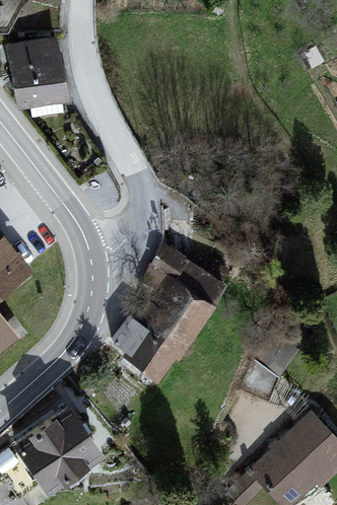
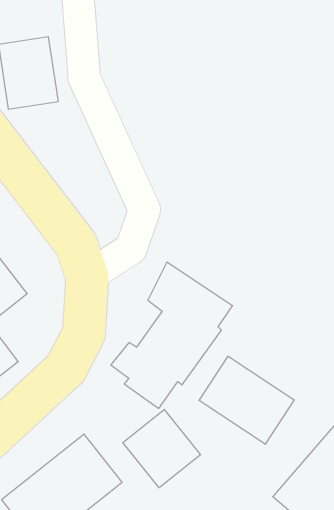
building: none -> [199,356,294,444]
building: none -> [123,409,200,488]

